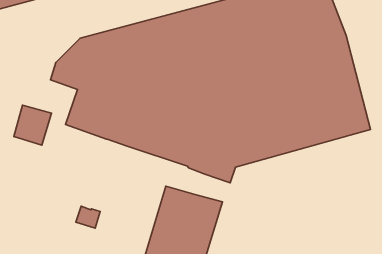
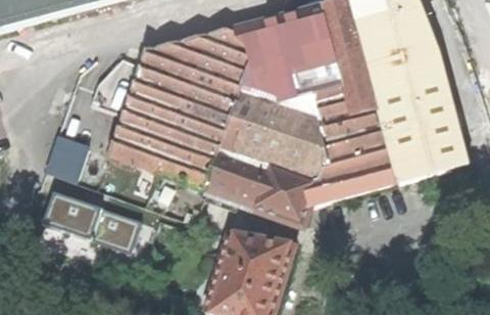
building: none -> [48,190,142,249]

